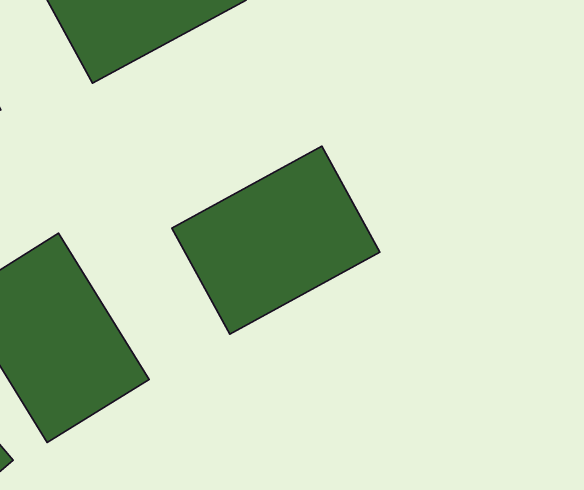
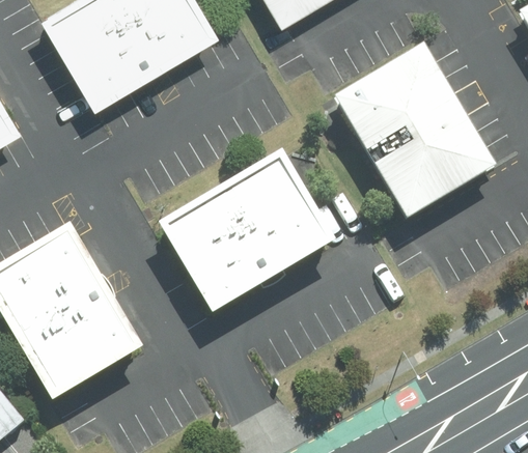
building: none -> [336,46,495,221]

